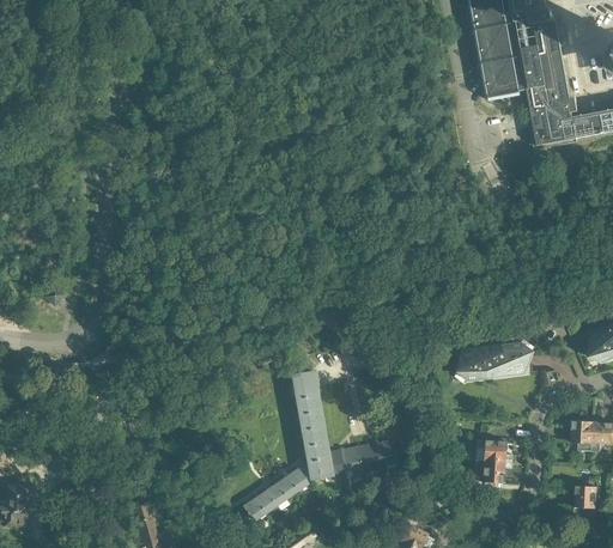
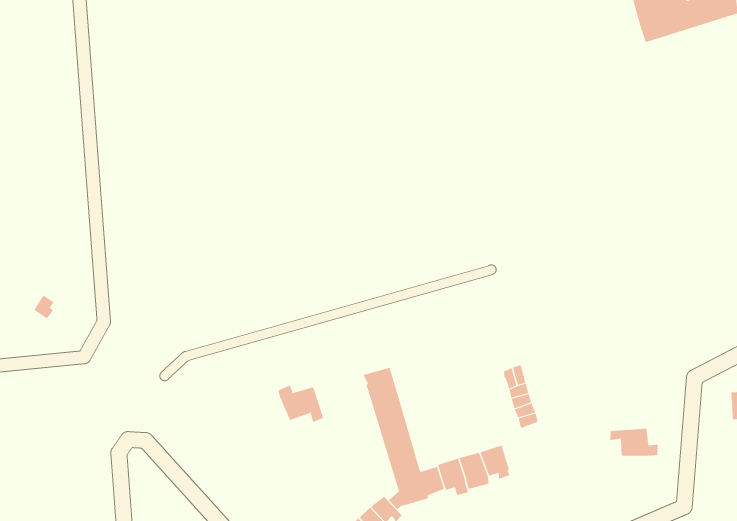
building: [454,342,529,379] -> none
building: none -> [278,385,324,423]
building: [473,459,503,482] -> none

